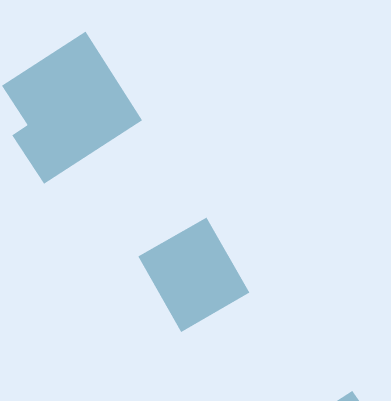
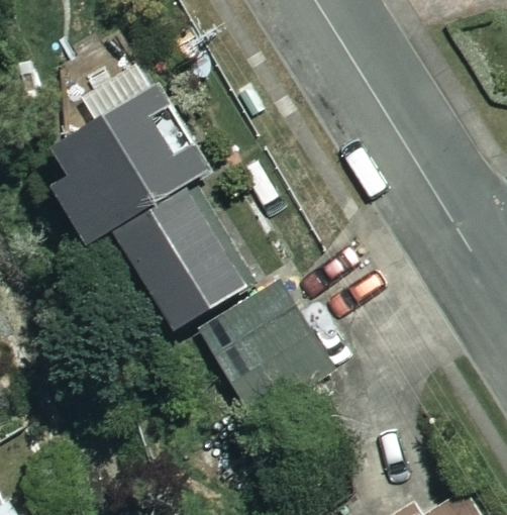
building: none -> [115,172,275,330]

